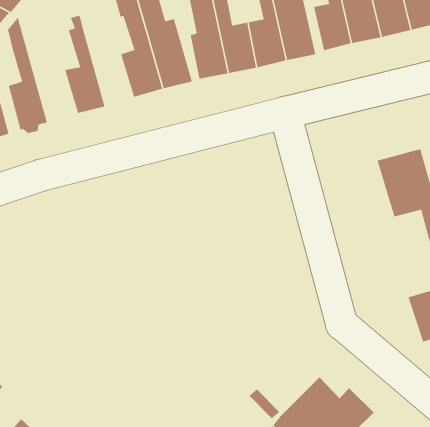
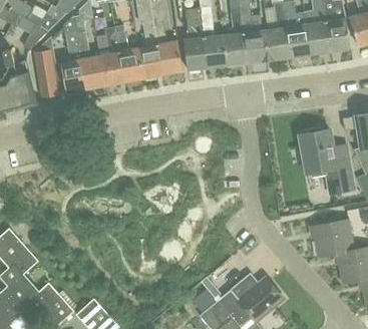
building: none -> [72,15,104,89]
building: none -> [114,26,143,82]

